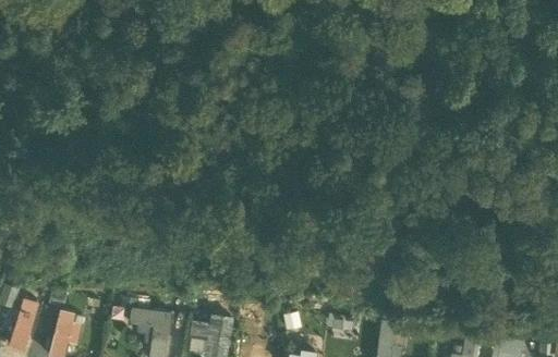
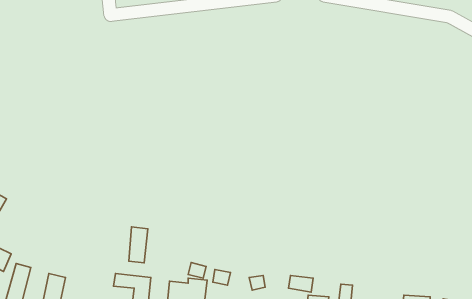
building: none -> [129,227,148,263]

